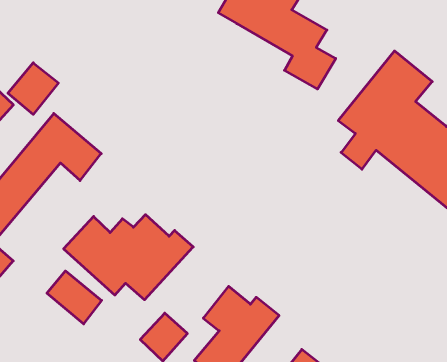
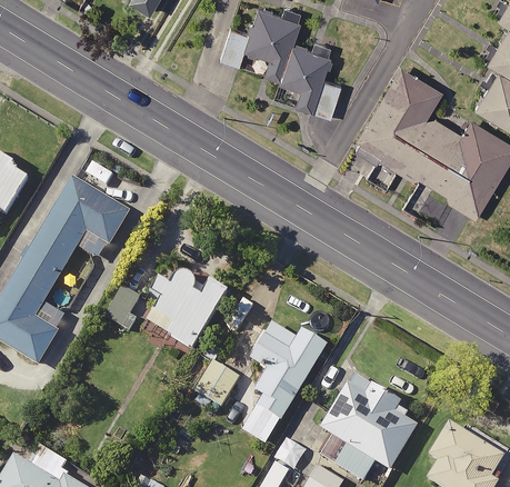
building: [8,63,58,114] -> none
building: [47,271,102,324] -> none

